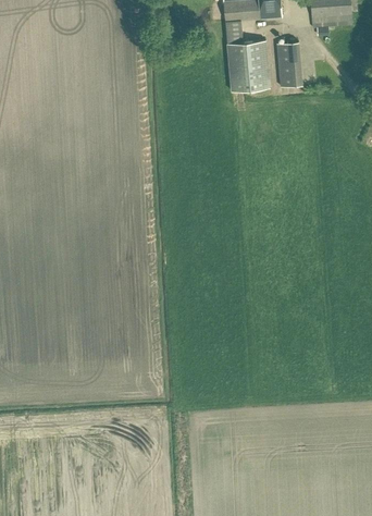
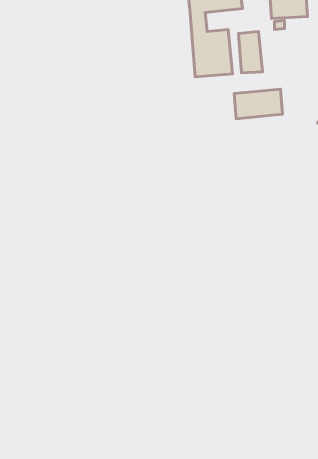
building: none -> [234,89,283,119]

